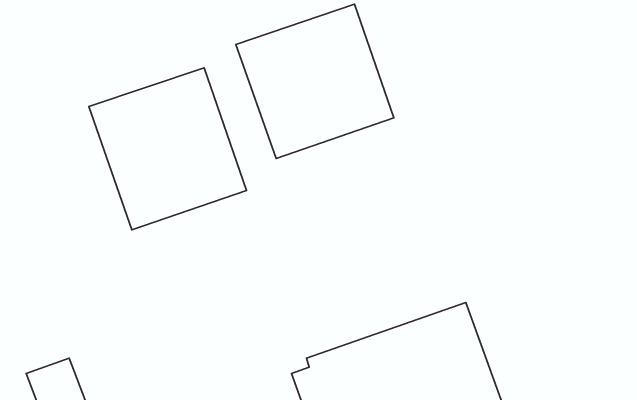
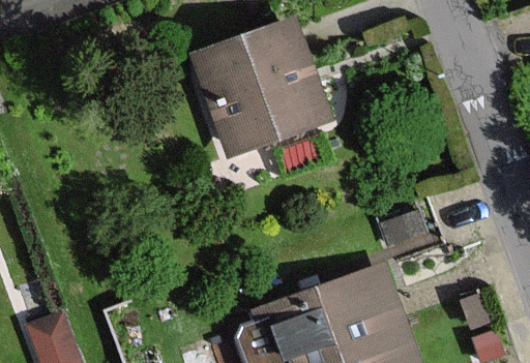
building: [89,68,246,230] -> none

